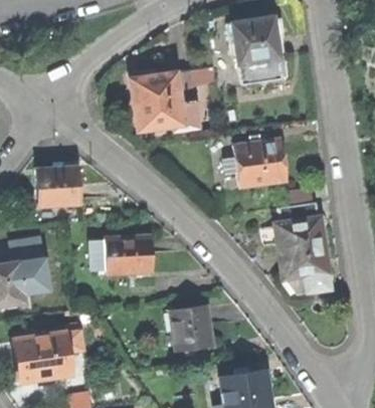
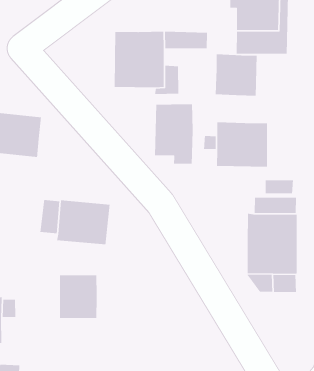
building: none -> [215,54,258,97]
building: none -> [154,103,193,165]
building: [171,305,211,350] -> [59,274,97,319]

